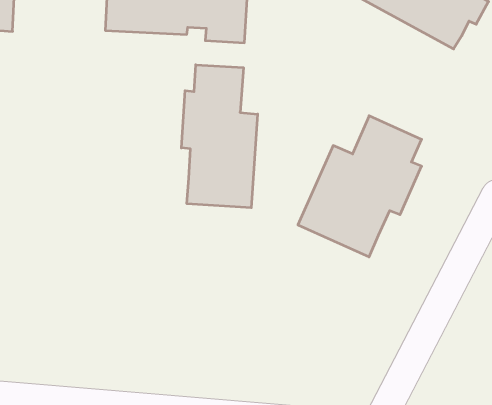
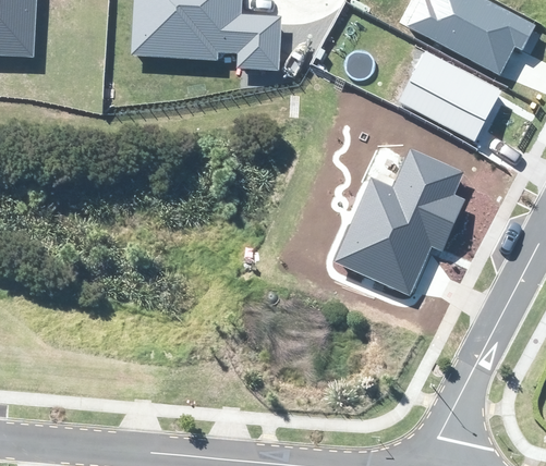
building: none -> [399,50,501,140]
building: [181,65,258,208] -> none

